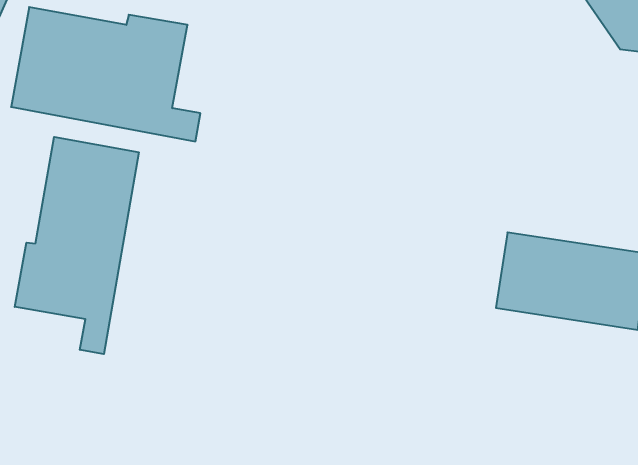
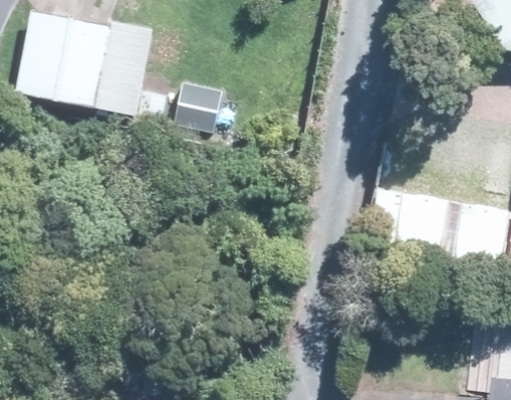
building: [15,137,139,354] -> none

